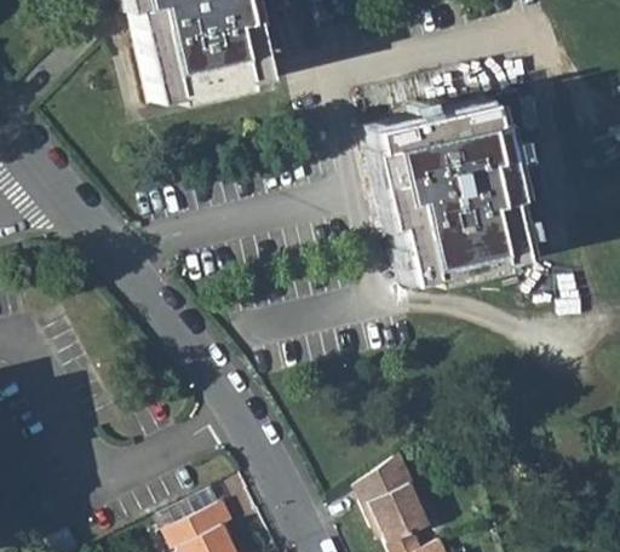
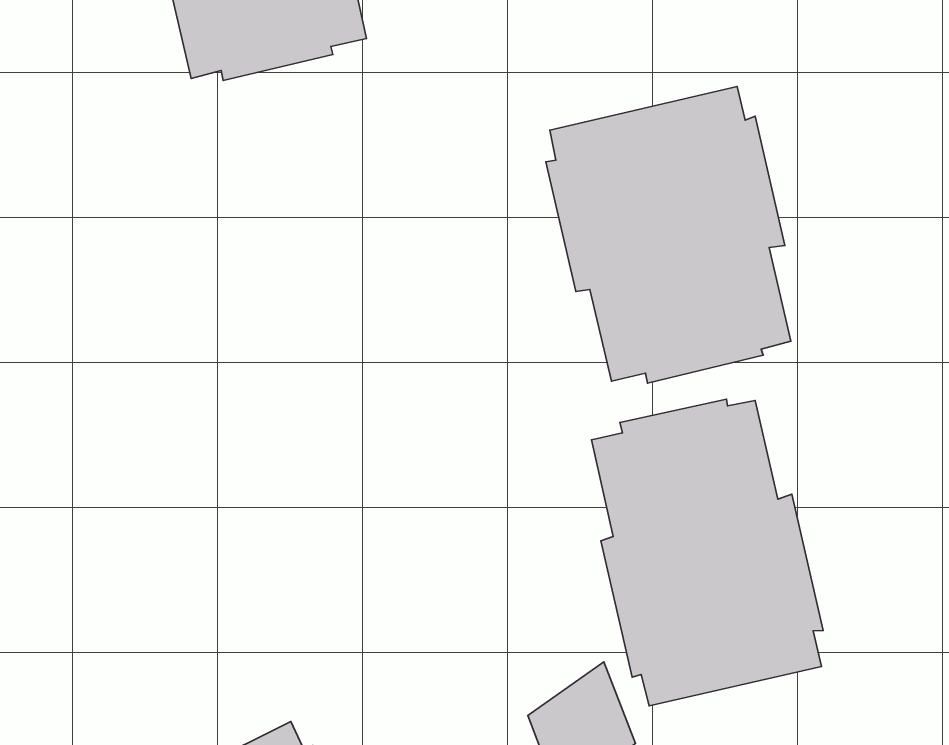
building: none -> [591,399,823,706]

